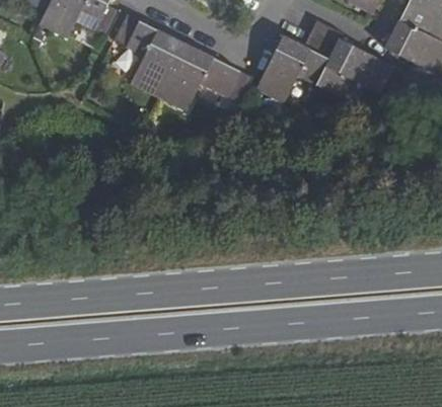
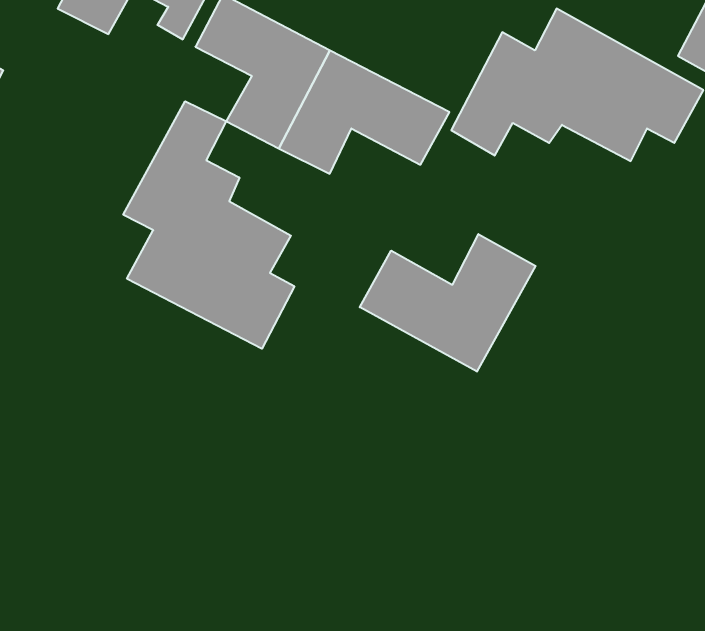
building: none -> [123,101,294,349]
building: none -> [360,234,536,372]

